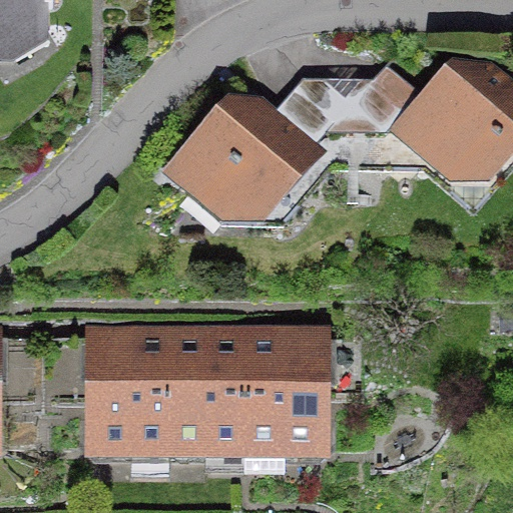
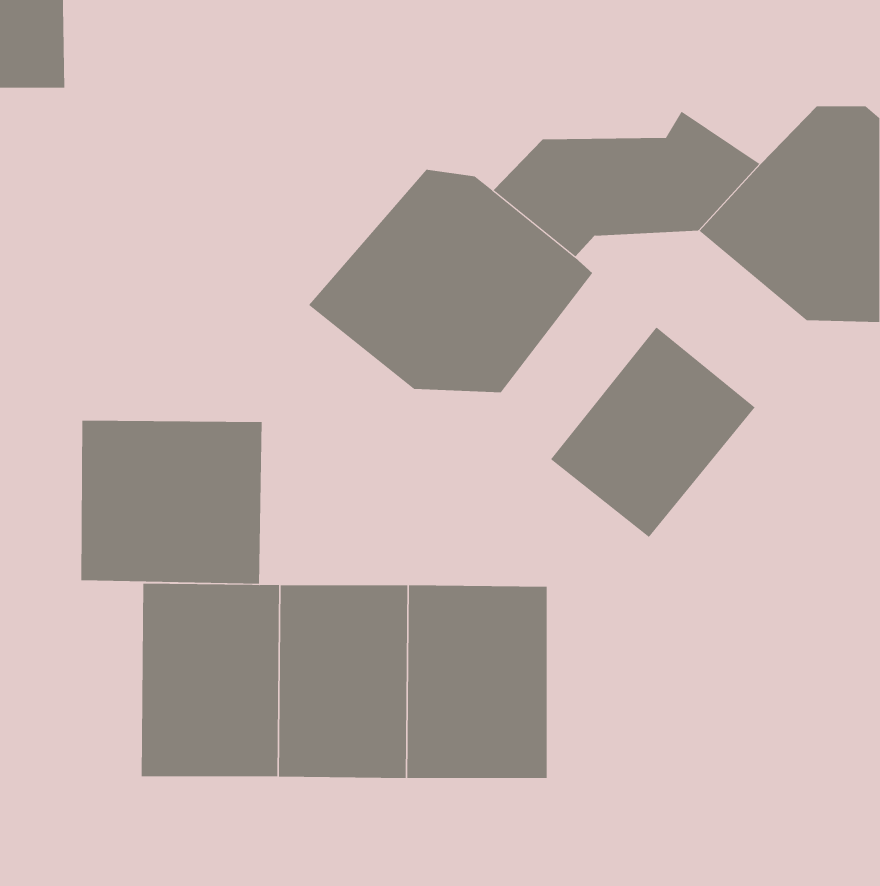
building: none -> [550,327,755,538]
building: none -> [81,420,262,585]

